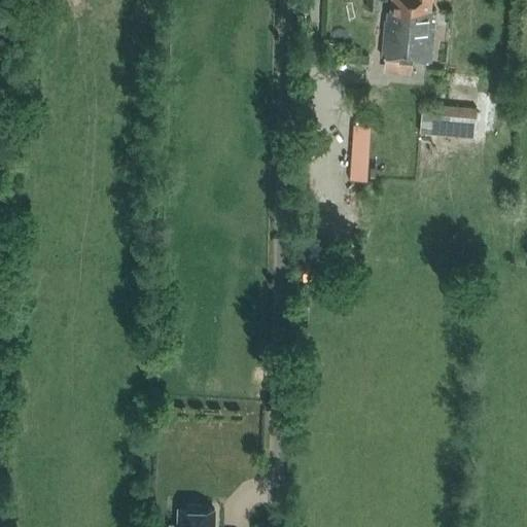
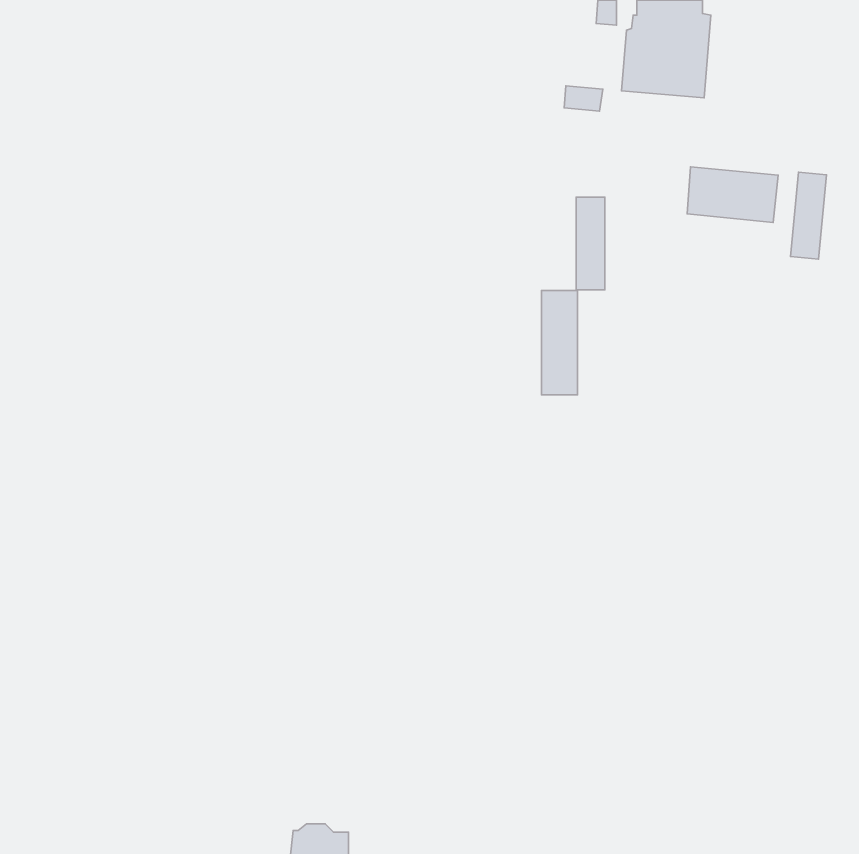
building: none -> [791,172,826,259]
building: none -> [542,290,577,395]

